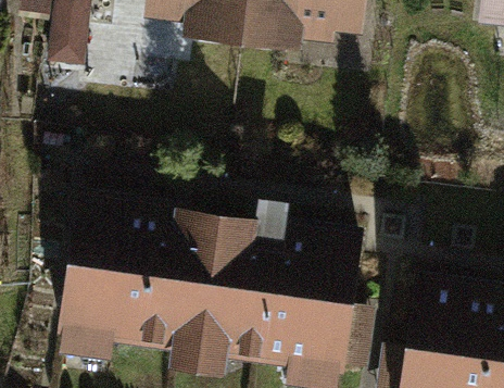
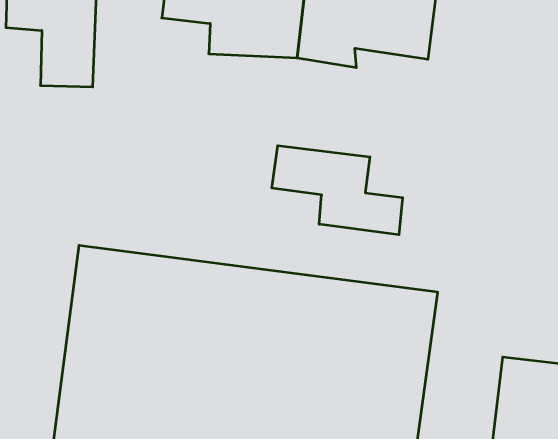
building: none -> [272,146,403,235]

